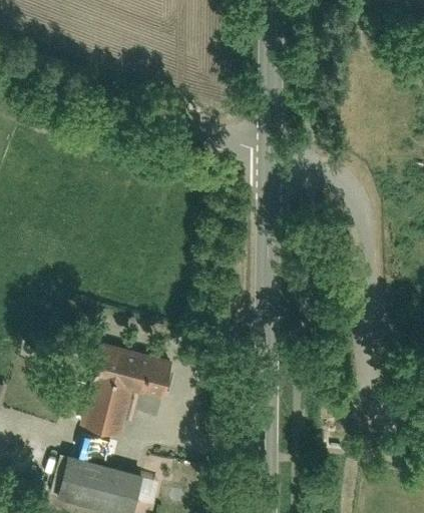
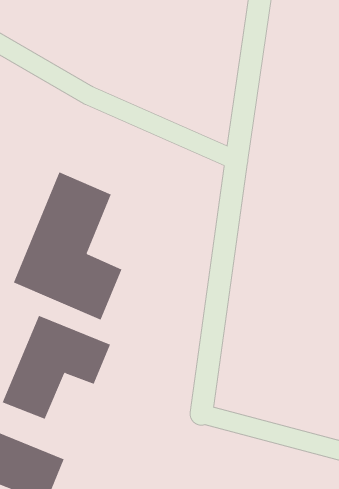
building: none -> [13,171,122,320]

